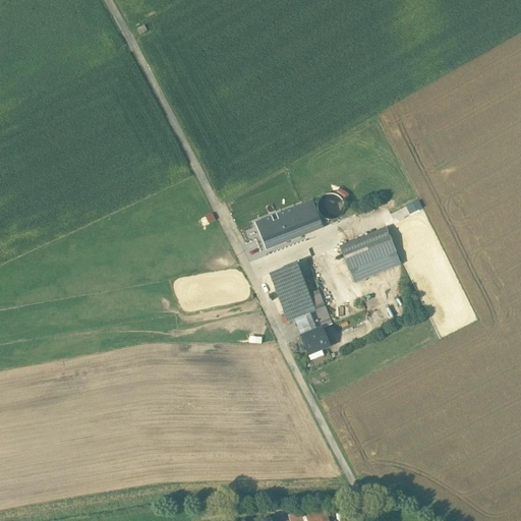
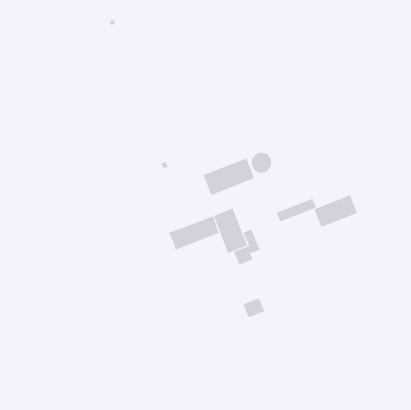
building: [340,227,396,269] -> [314,195,358,228]
building: none -> [168,216,219,250]
building: [300,328,329,353] -> [243,298,265,318]

